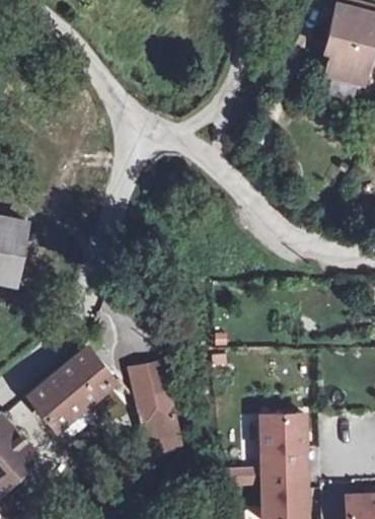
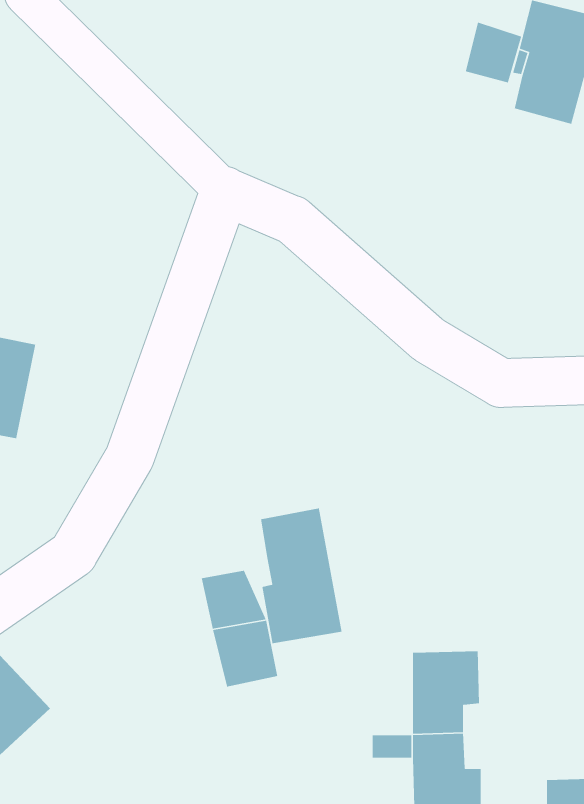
building: none -> [465,22,522,83]
building: none -> [260,507,343,644]
building: [28,349,114,427] -> none

